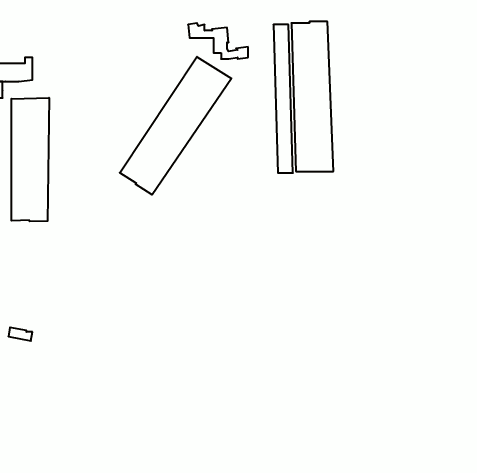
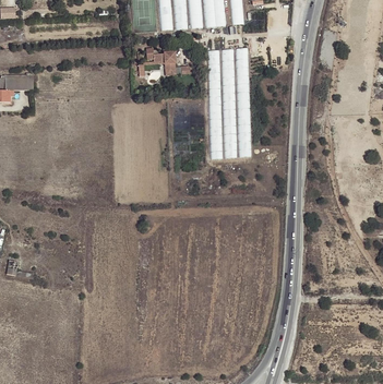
building: [120,57,231,195] -> none
building: [11,98,49,221] -> none

